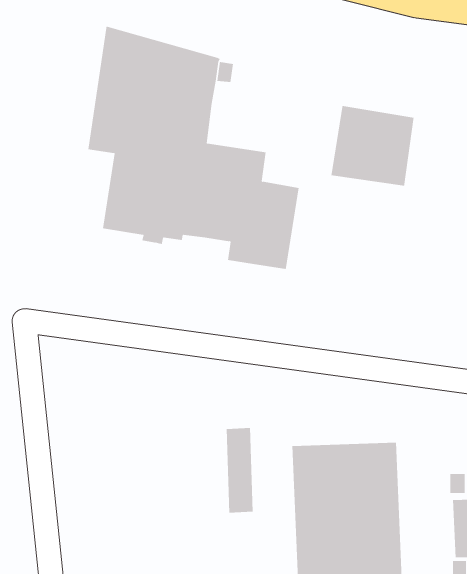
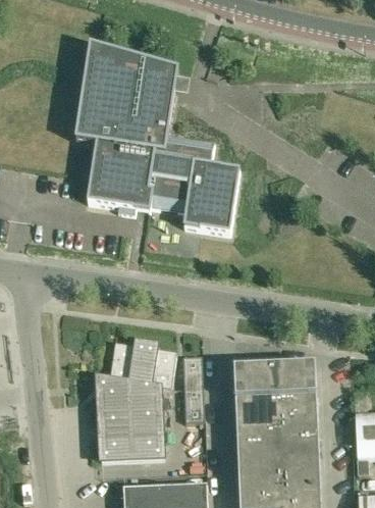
building: [331,105,414,187] -> none
building: none -> [97,342,175,461]

